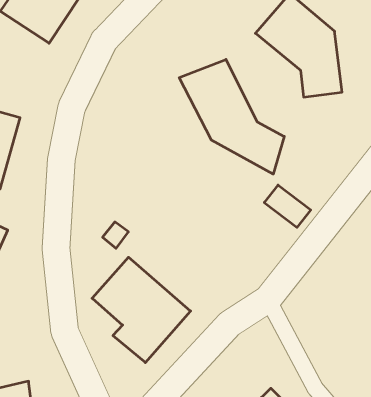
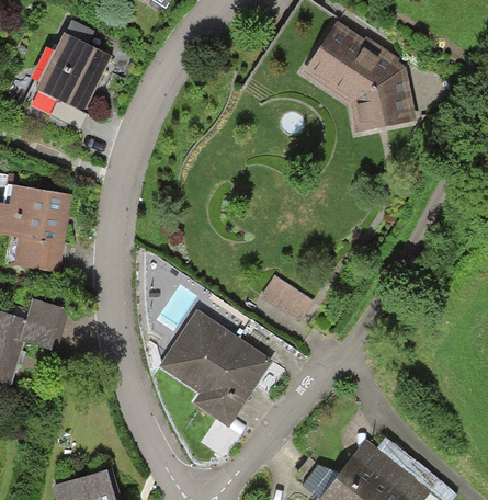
building: [179,59,284,174] -> none
building: [264,185,311,227] -> [263,279,313,320]

